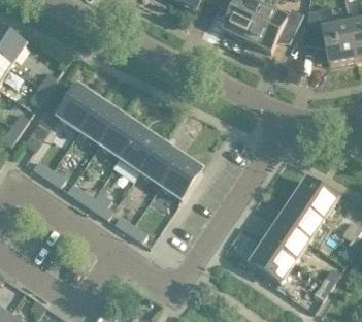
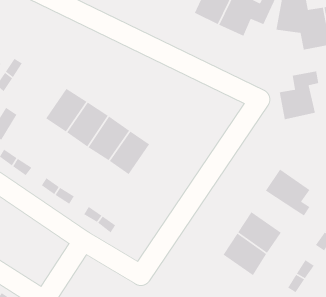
building: none -> [279,71,319,120]
building: [57,85,98,129] -> none
building: [159,154,201,198] -> none
building: [277,199,321,239] -> none

